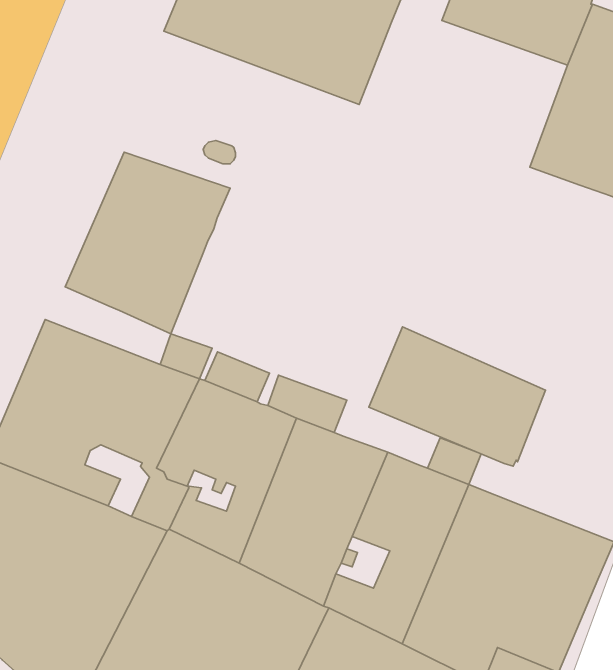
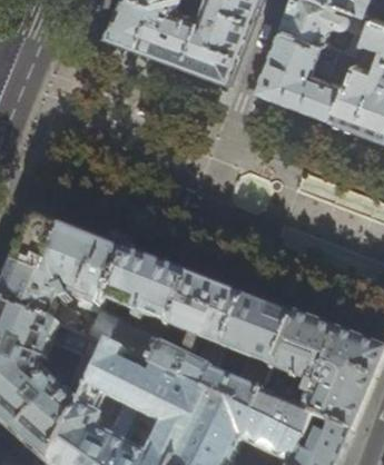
building: none -> [254,32,355,123]
building: [65,152,230,334] -> none
building: [369,327,545,466] -> none

